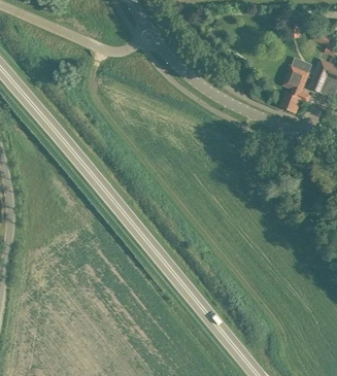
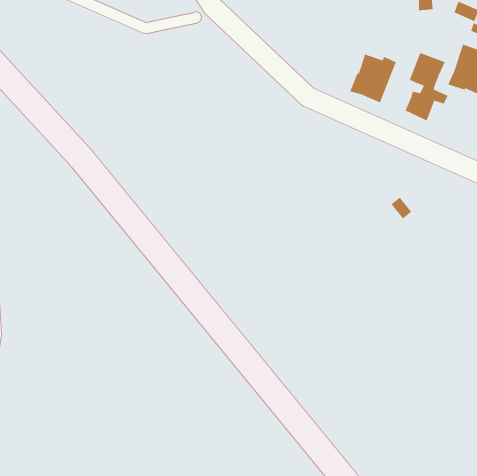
building: none -> [349,54,397,103]

